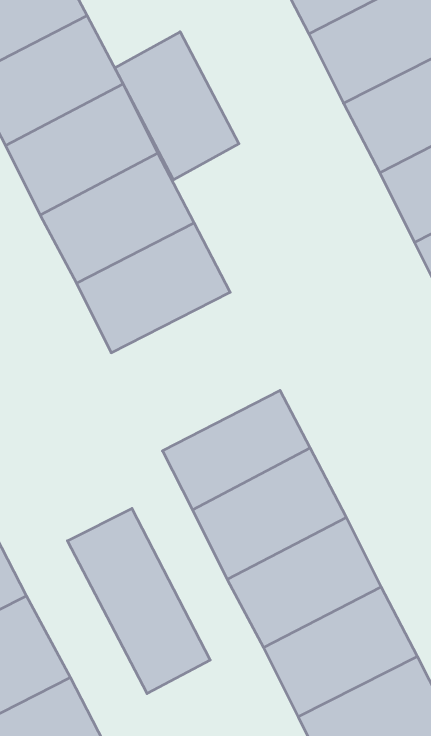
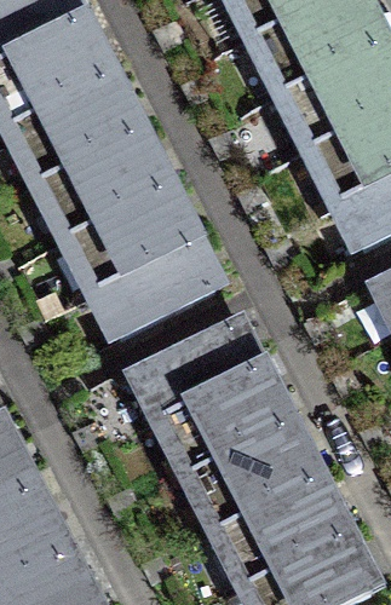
building: [115,32,239,180] -> none
building: none -> [111,237,230,332]
building: [67,508,210,694] -> none

